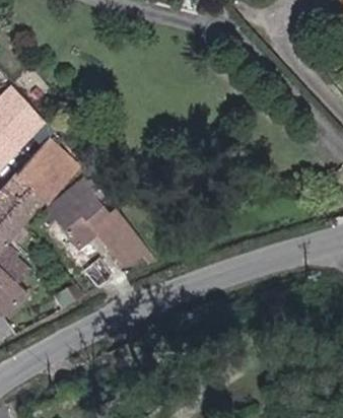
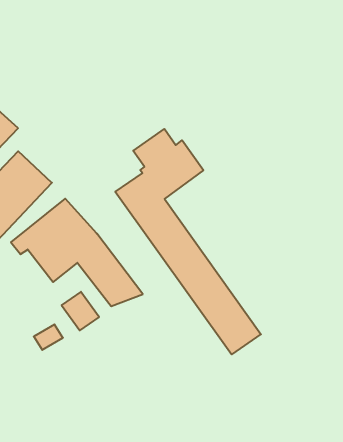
building: none -> [115,129,261,354]

